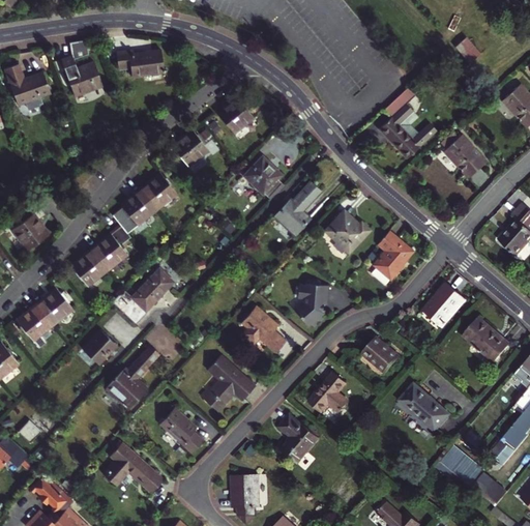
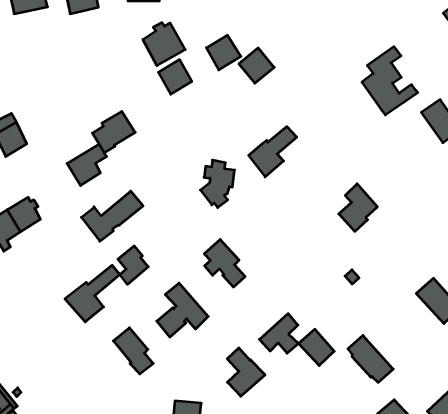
building: none -> [143,23,185,66]
building: [244,158,281,195] -> [239,48,274,83]
building: [140,174,176,209] -> none
building: [325,213,371,254] -> none
building: [71,250,108,286] -> none
building: [297,279,329,326] -> [200,160,235,208]
building: [422,284,466,328] -> none
building: none -> [118,246,148,284]
building: [83,330,117,364] -> none
building: [362,338,400,374] -> [299,329,334,366]
building: [106,442,165,494] -> none

